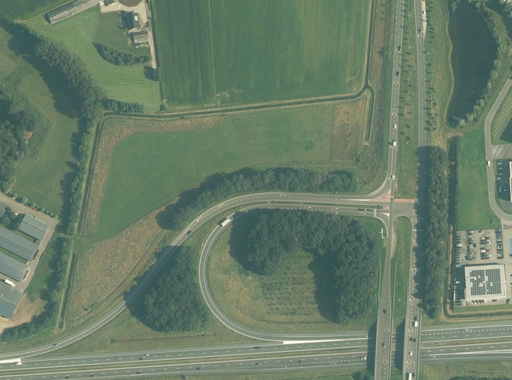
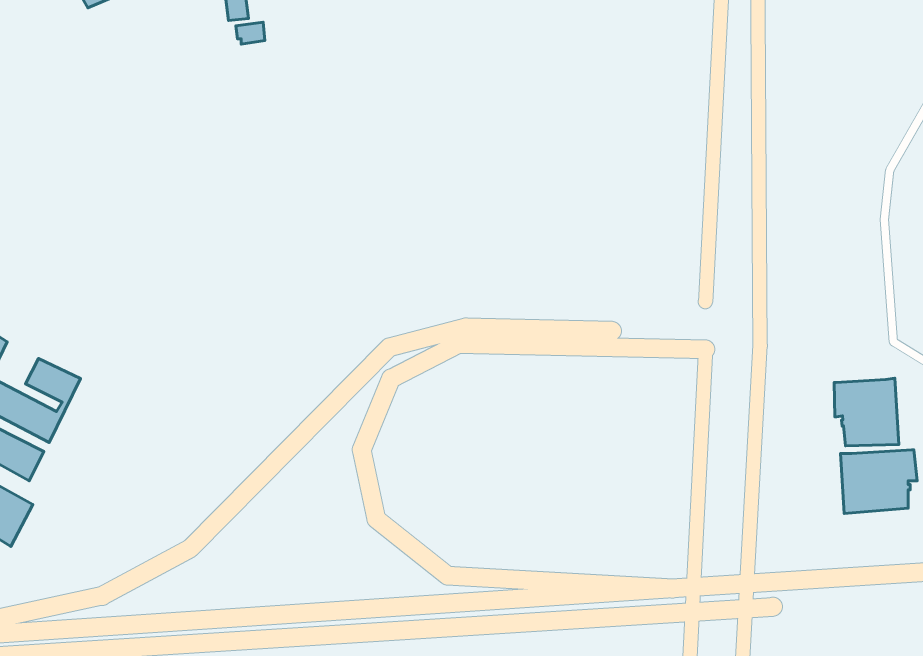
building: none -> [834,378,899,446]

